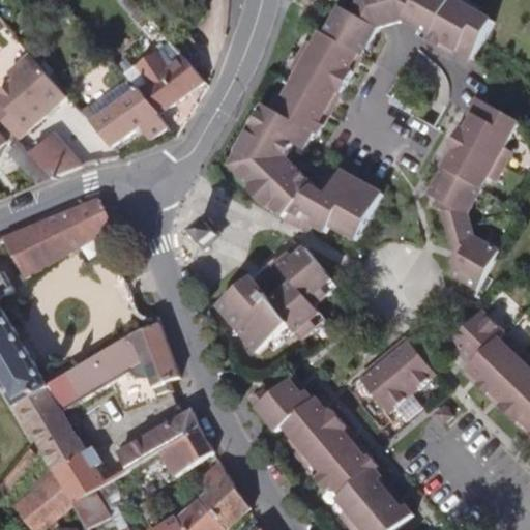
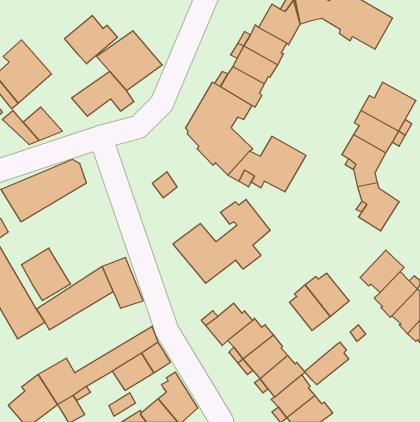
building: none -> [65,15,118,64]
building: [22,402,83,467] -> [21,248,71,300]
building: none -> [305,342,349,385]

